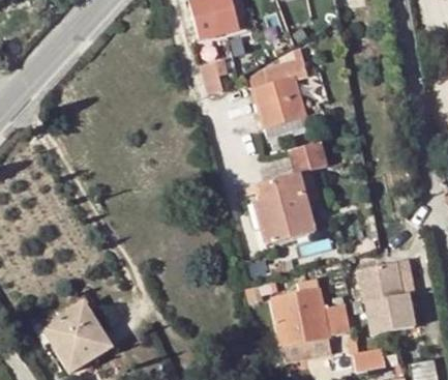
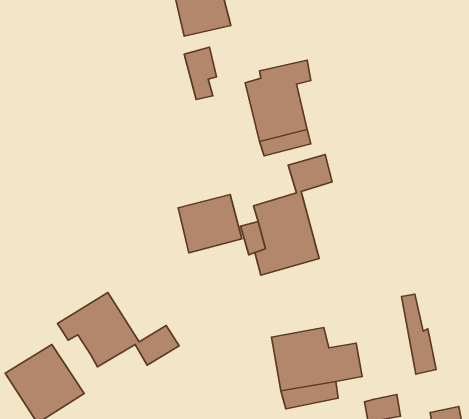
building: none -> [178,194,242,253]
building: none -> [58,293,179,367]
building: [360,262,398,334] -> none

